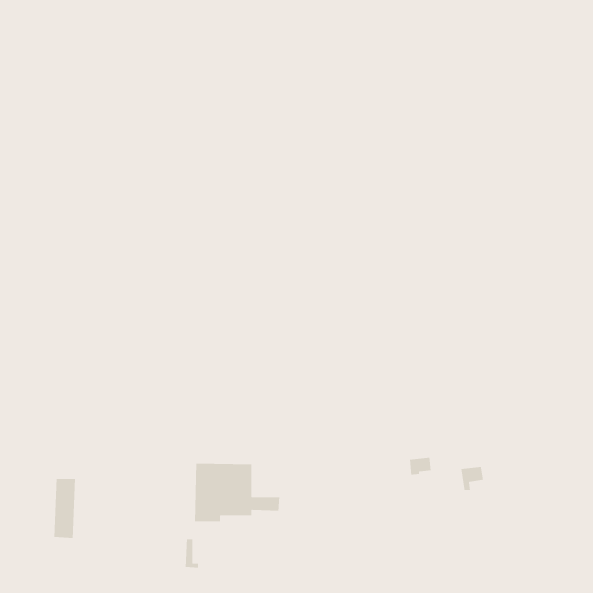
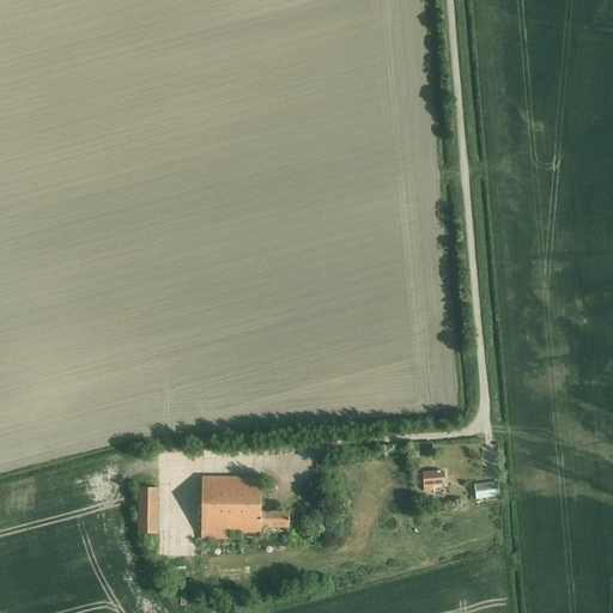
building: [54,478,76,539] -> [136,471,159,533]

